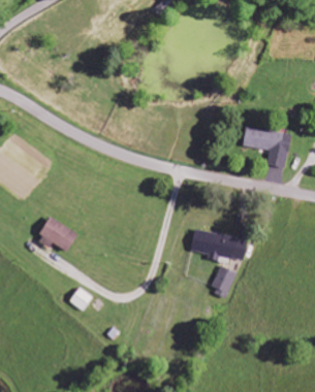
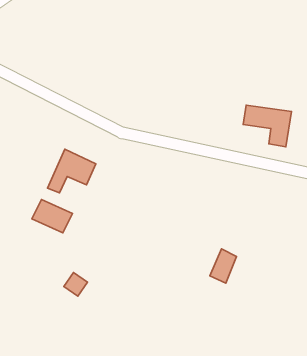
building: none -> [47,149,96,193]
building: [190,229,247,261] -> none

